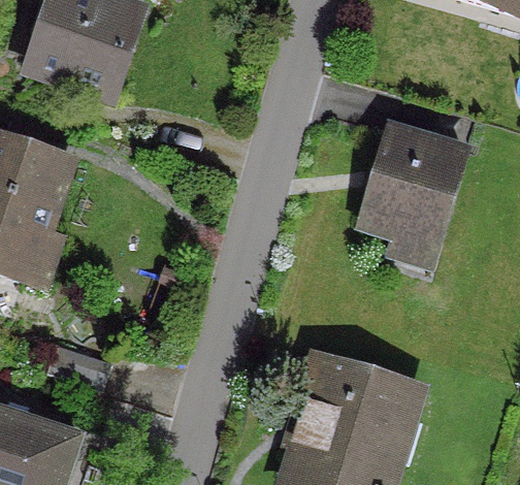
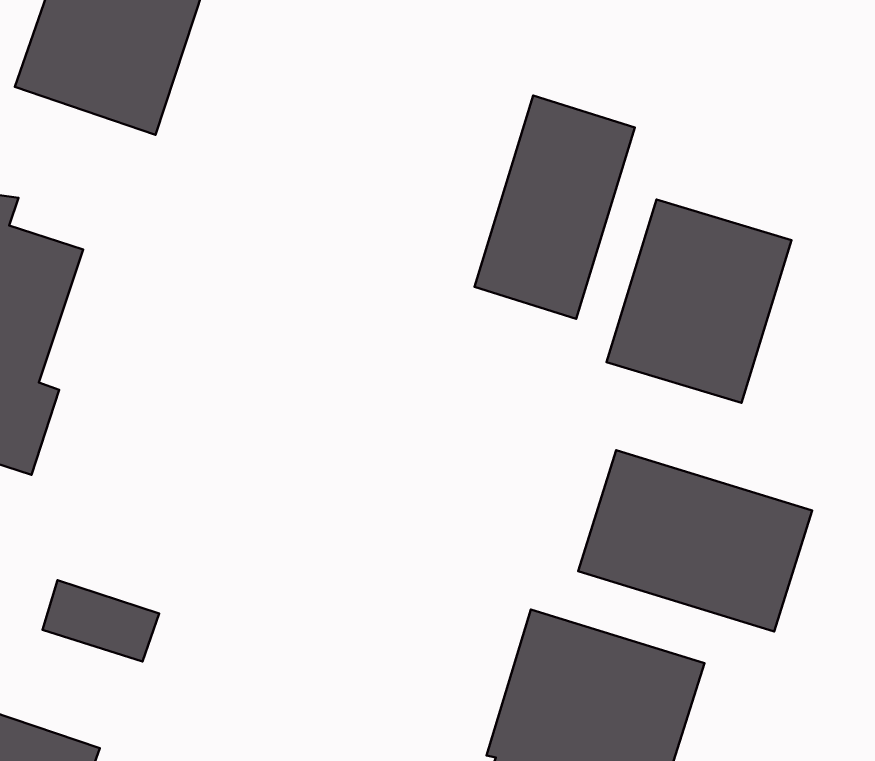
building: none -> [474,96,635,319]
building: none -> [578,450,812,631]

